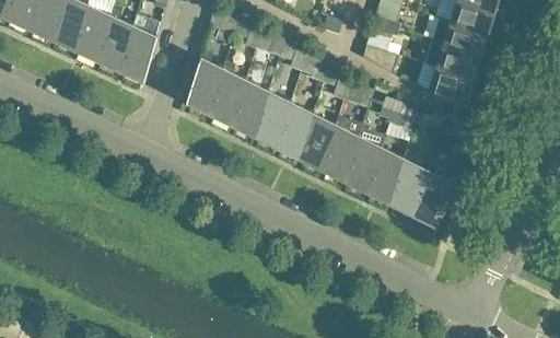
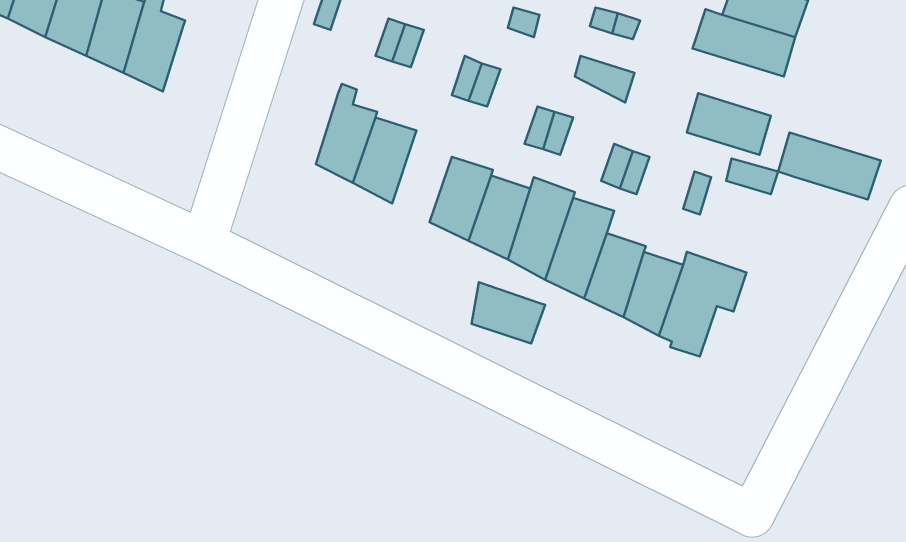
building: [119,31,155,80] -> none
building: [423,44,483,83] -> [778,132,881,200]
building: [185,53,222,112] -> none
building: [254,95,290,145] -> none
building: none -> [471,282,545,344]

